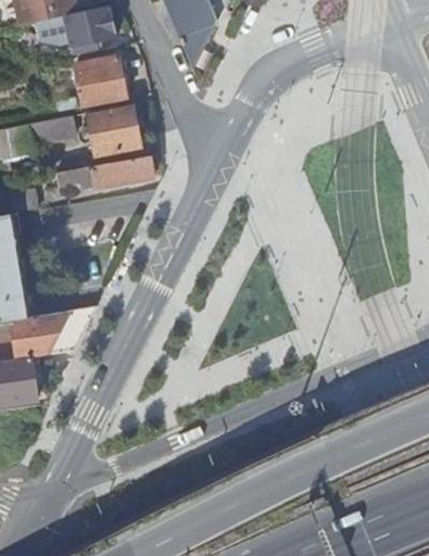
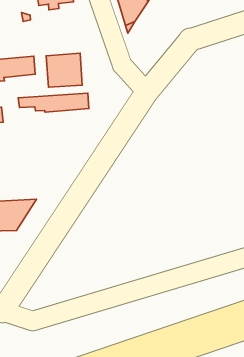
building: [73,58,126,109] -> none

